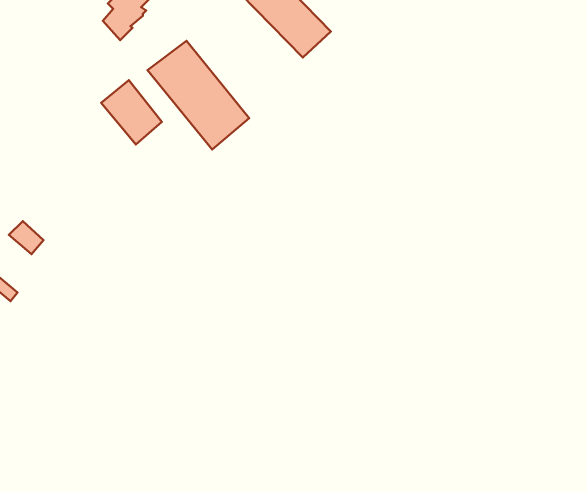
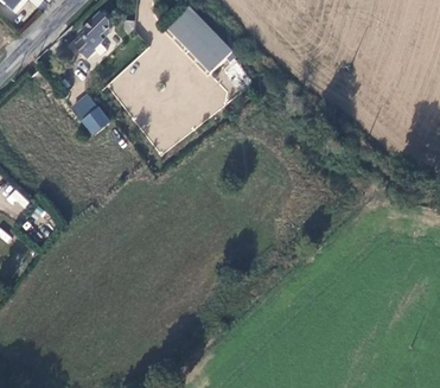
building: [148,41,249,149] -> none

